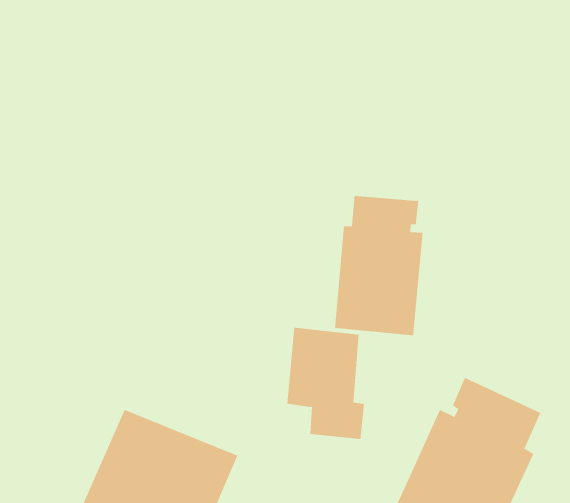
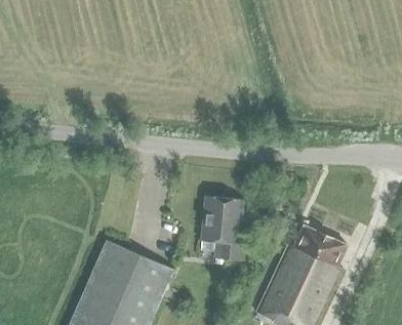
building: [334,195,423,336] -> none

